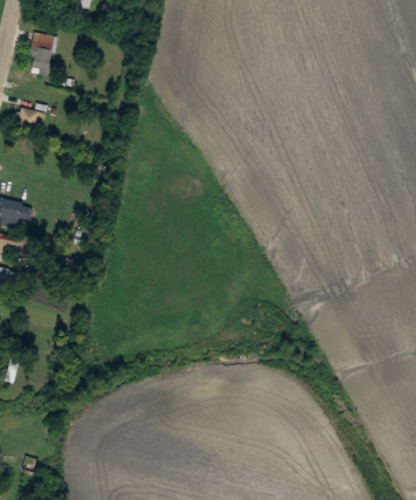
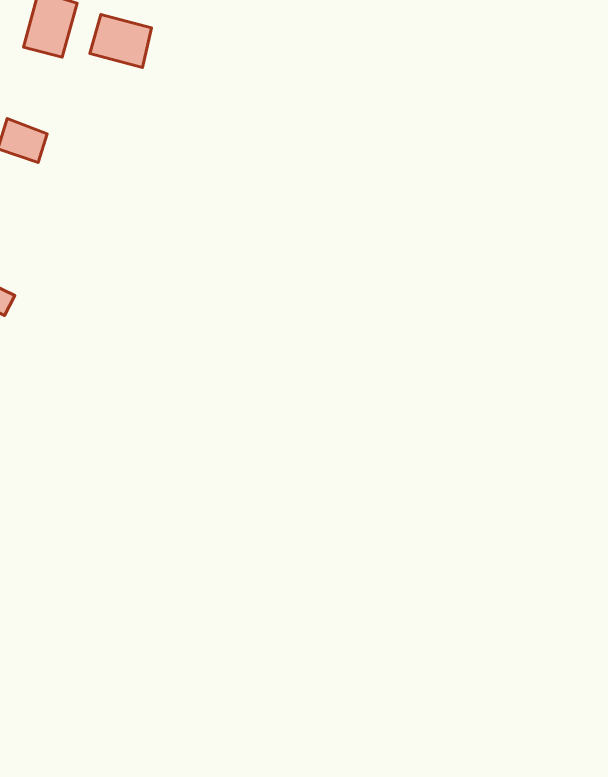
building: none -> [90,15,152,67]

